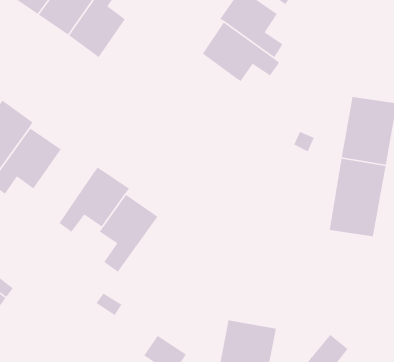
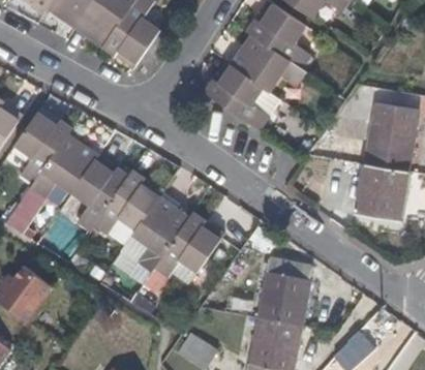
building: none -> [205,61,267,128]
building: none -> [71,154,128,229]
building: none -> [156,213,222,275]
building: none -> [256,269,311,325]

